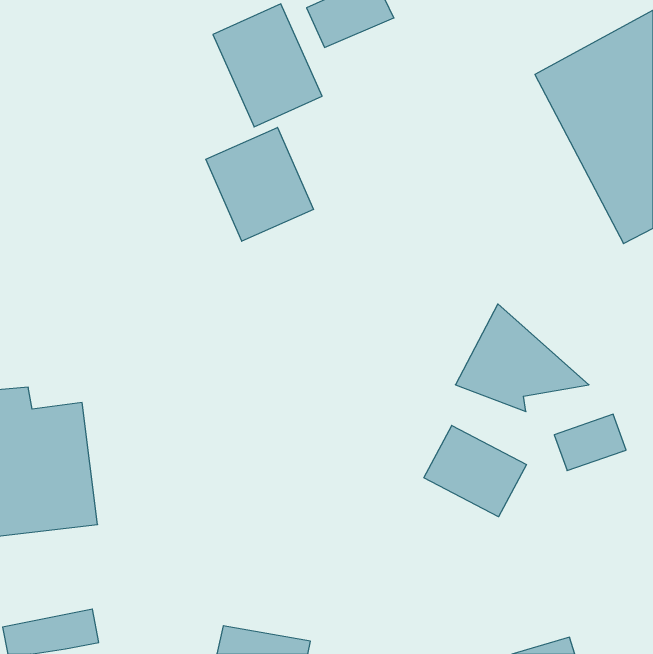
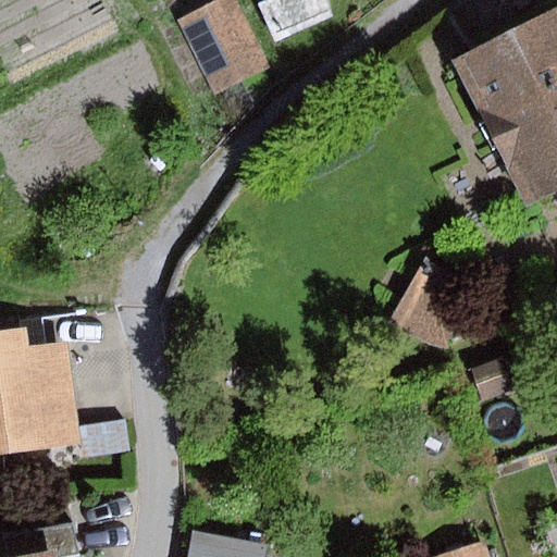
building: [206,127,313,241] -> none
building: [424,425,526,517] -> none

